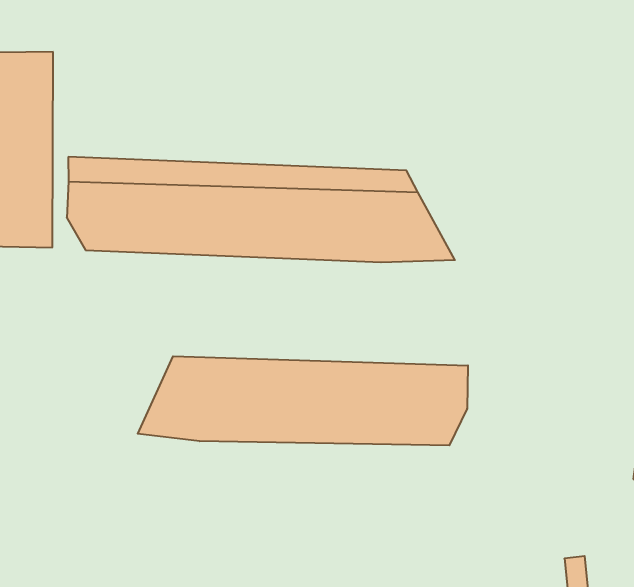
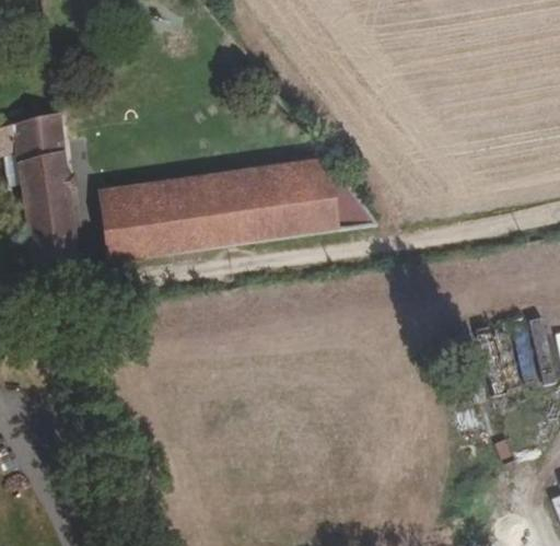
building: [138,356,468,445] -> none

